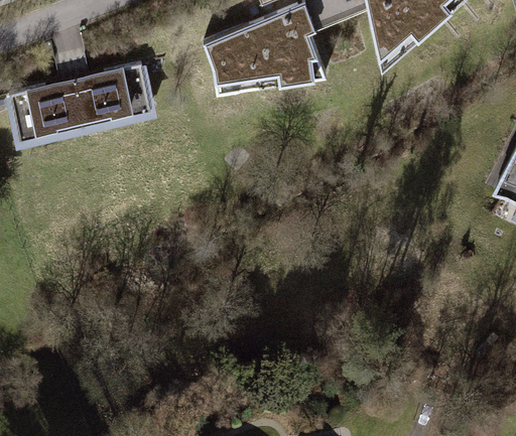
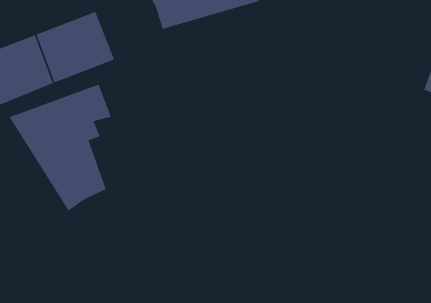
building: none -> [8,84,112,211]

